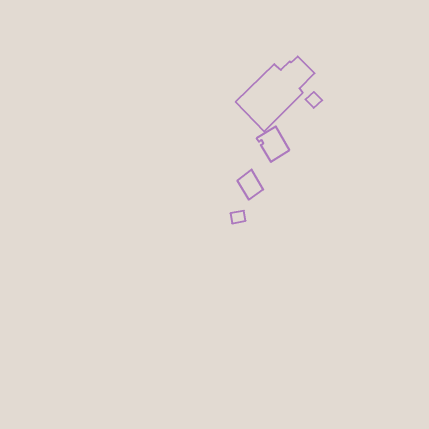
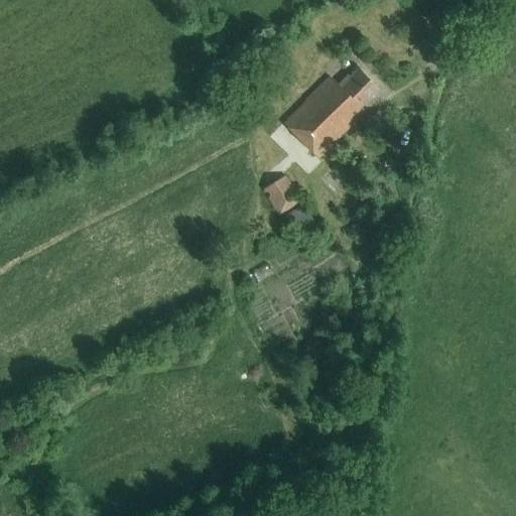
building: [257,126,289,162] -> [260,173,299,216]

